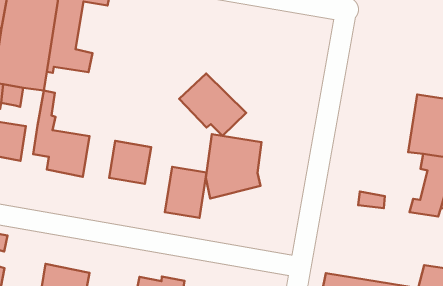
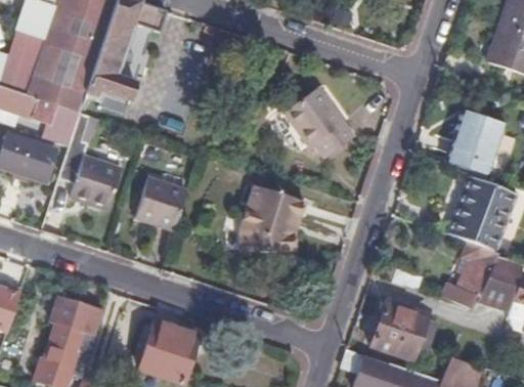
building: none -> [452,120,495,165]
building: [179,73,246,136] -> [285,88,353,157]
building: none -> [42,105,80,147]
building: [165,167,207,218] -> none
building: none -> [374,304,439,360]

